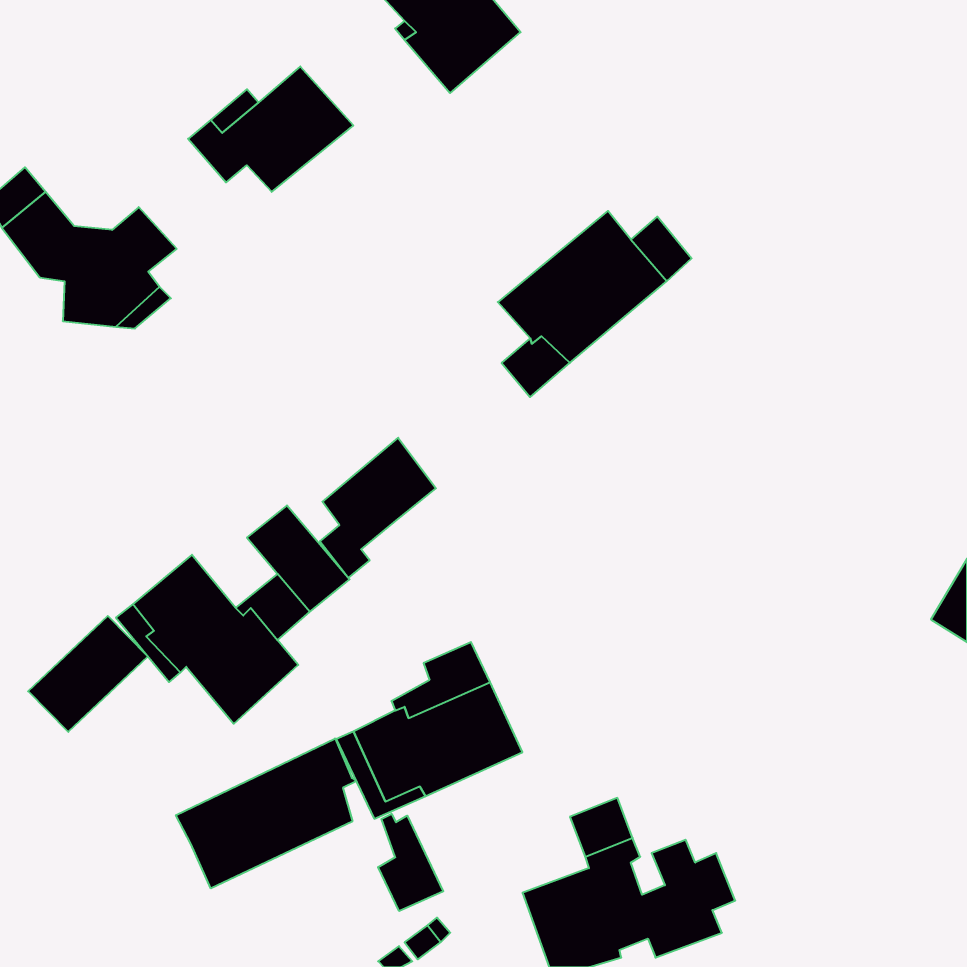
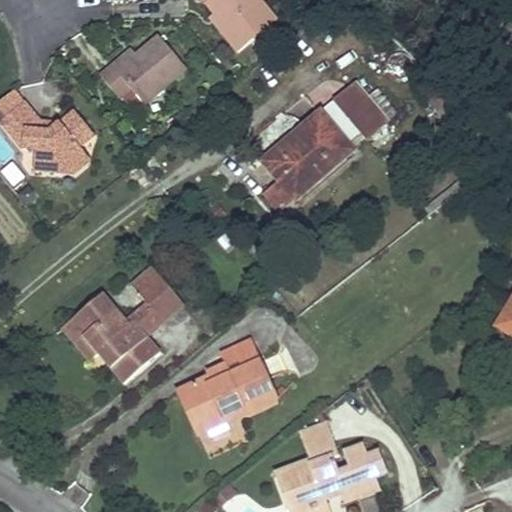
building: none -> [334,83,384,136]
building: [320,438,436,578] -> none
building: [28,616,148,732] -> none
building: [176,738,356,888] -> none
building: [378,814,443,911] -> none

